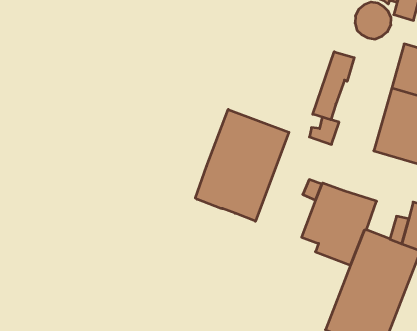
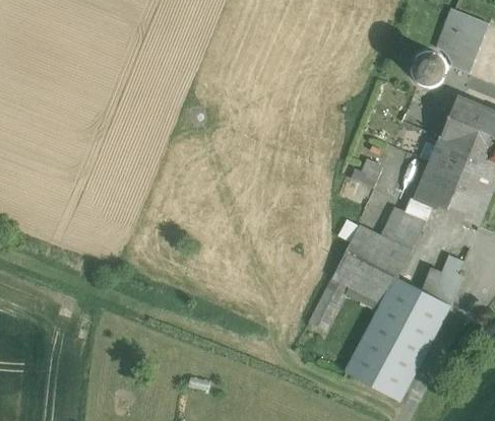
building: [313,52,354,120] -> none
building: [195,109,289,221] -> none
building: none -> [379,206,426,250]
building: none -> [308,277,348,330]

